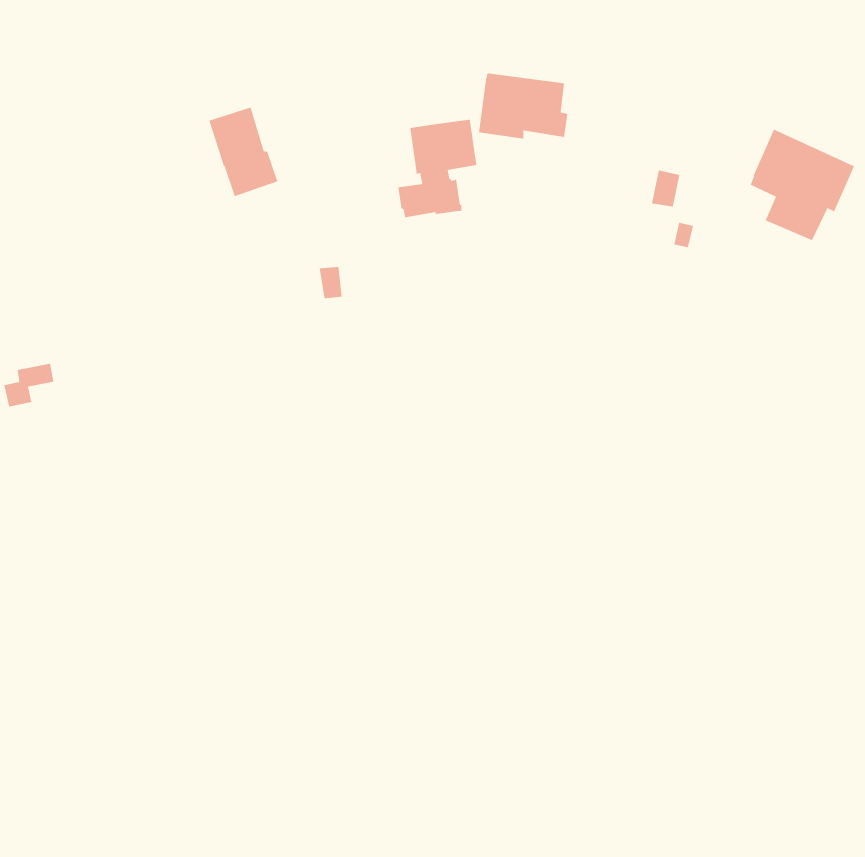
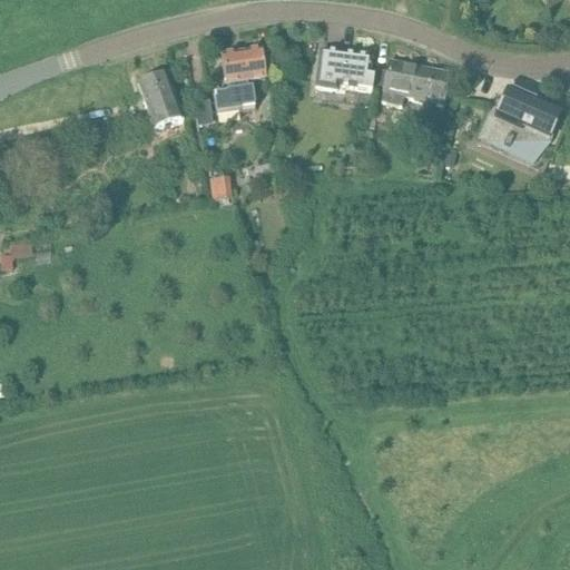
building: none -> [382,58,451,104]
building: [398,119,477,218] -> [214,47,266,111]

